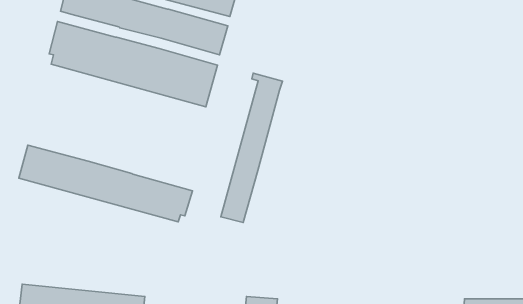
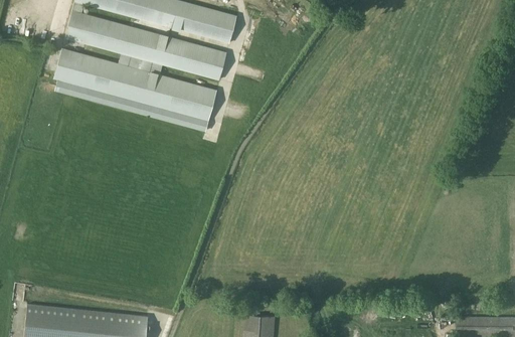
building: [221,73,283,223] -> none
building: [19,145,192,222] -> none

